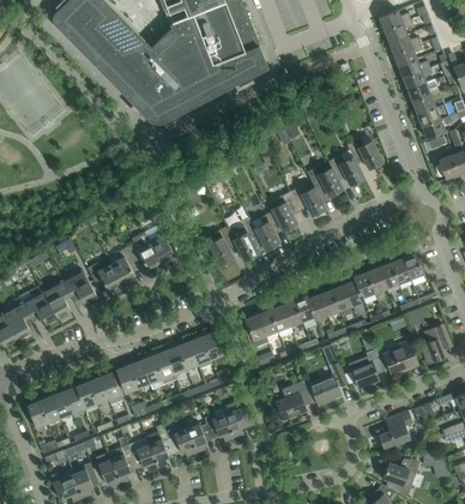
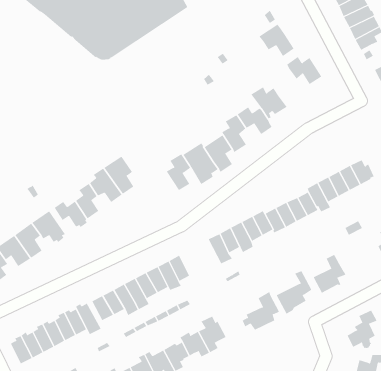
building: [327,151,363,186] -> [259,24,294,57]
building: [384,342,417,374] -> none

